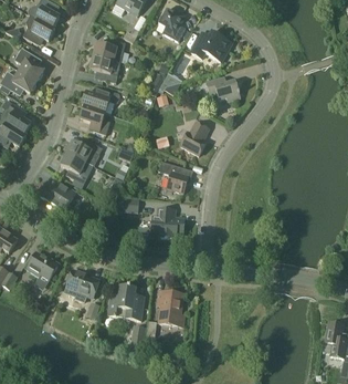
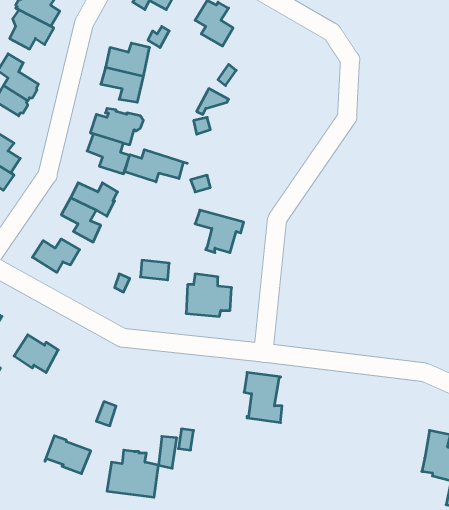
building: [191,30,232,61] -> none
building: [207,76,240,101] -> none
building: none -> [125,150,187,182]
building: [180,121,209,155] -> none
building: [66,269,99,297] -> [45,436,91,474]
building: [107,284,145,319] -> [107,450,159,497]
building: [157,289,184,325] -> [244,372,282,423]

